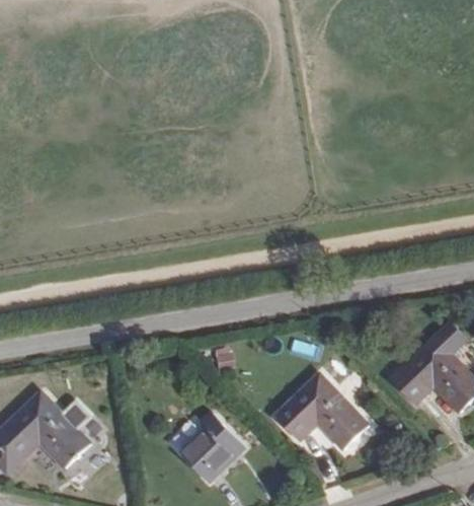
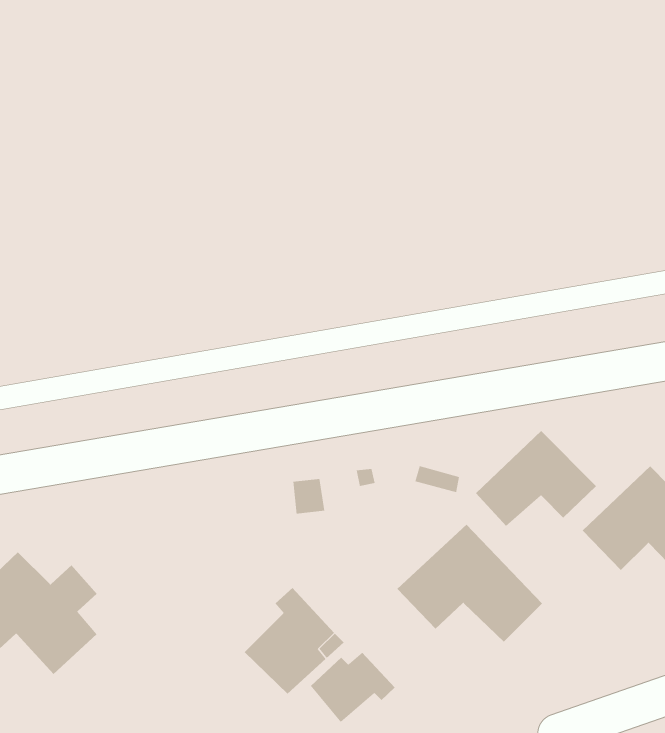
building: none -> [475,430,597,527]
building: none -> [310,652,396,723]

